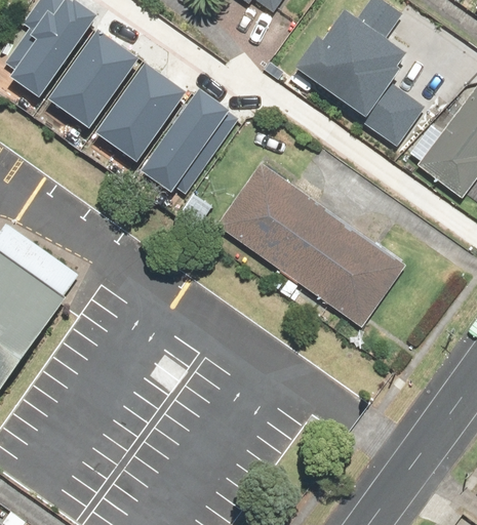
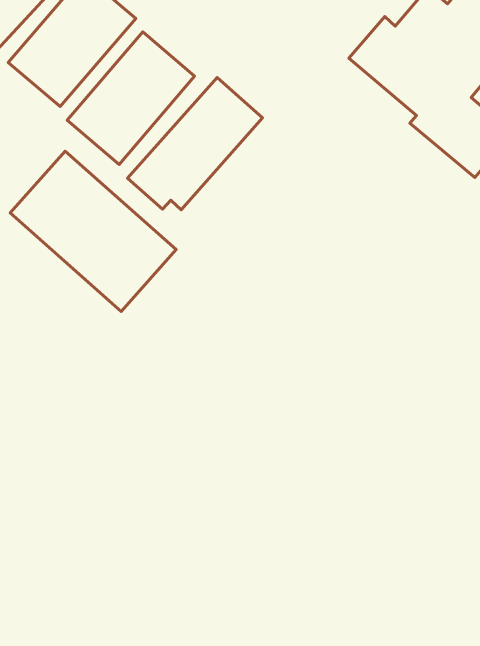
building: none -> [10,151,176,311]
building: [217,168,402,325] -> none

